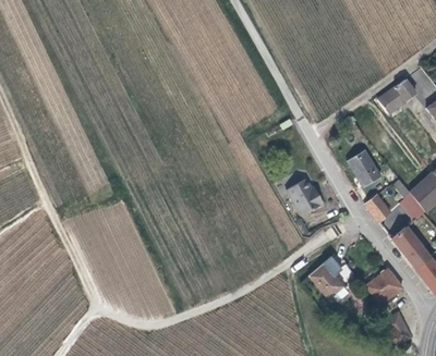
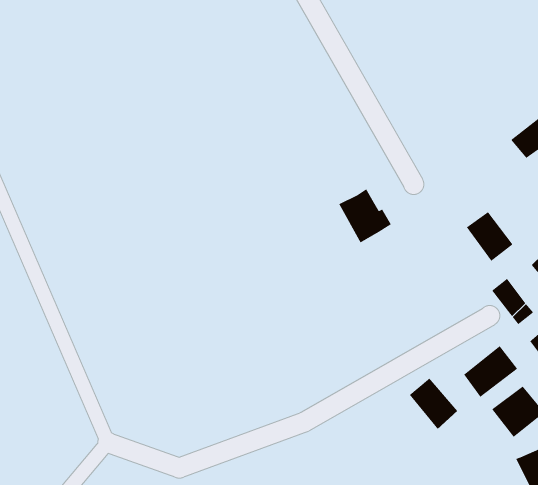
building: [287,179,324,217] -> [338,188,392,244]
building: none -> [463,345,518,398]

